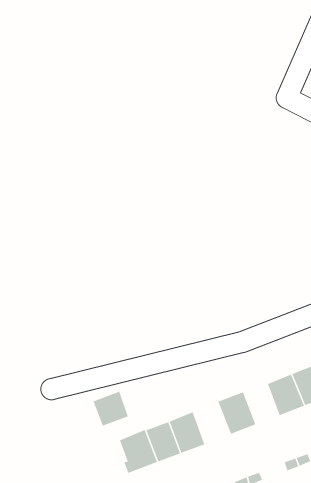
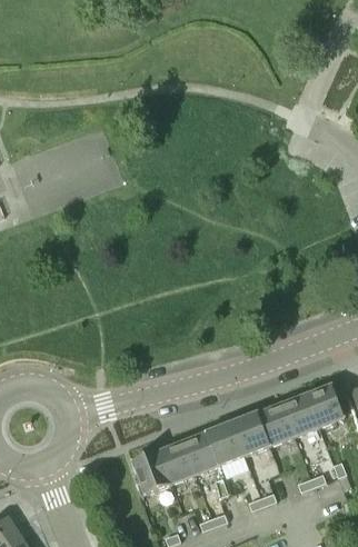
building: none -> [258,405,294,446]
building: [92,391,129,427] -> none
building: none -> [206,422,245,466]

